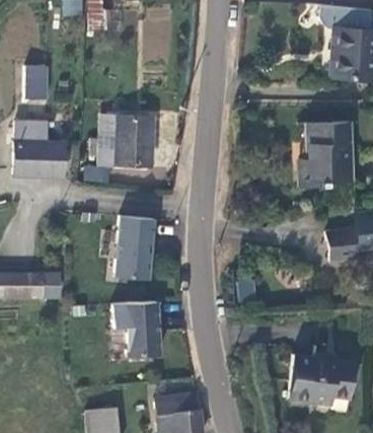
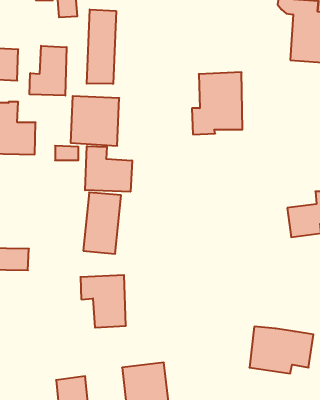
building: none -> [87,9,116,84]
building: none -> [30,46,67,96]
building: [300,121,353,186] -> [192,72,242,134]
building: none -> [85,146,132,192]

